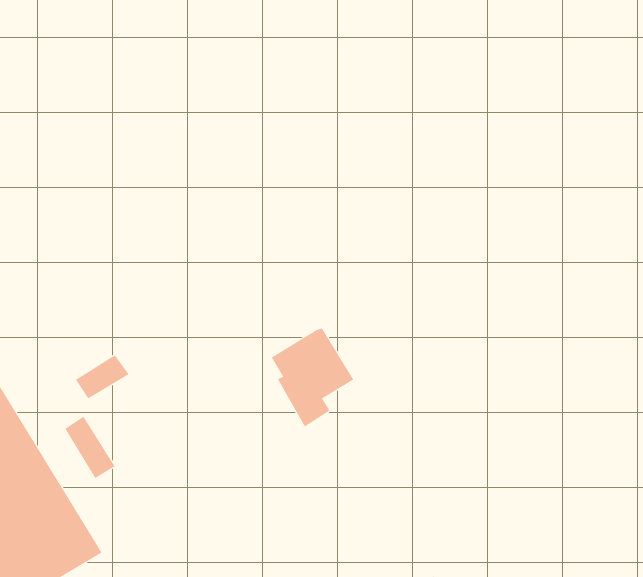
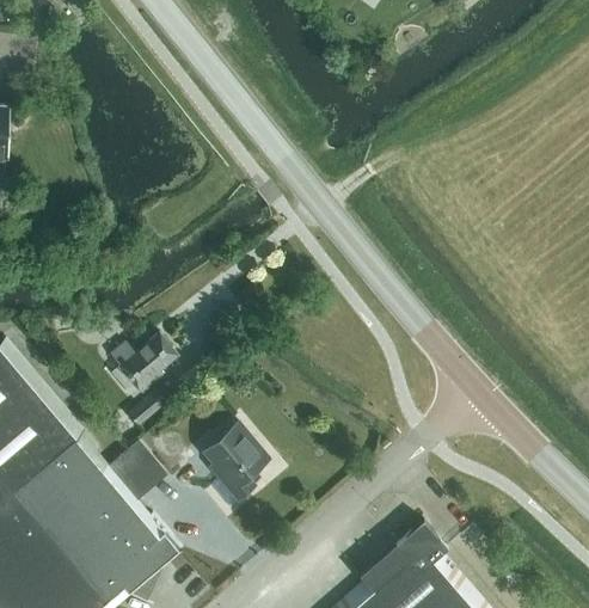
building: none -> [110,333,178,398]
building: [271,328,354,427] -> [203,424,269,502]

